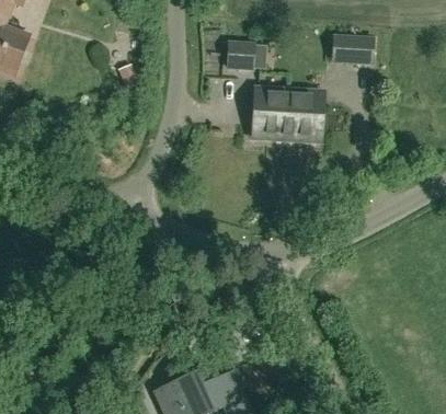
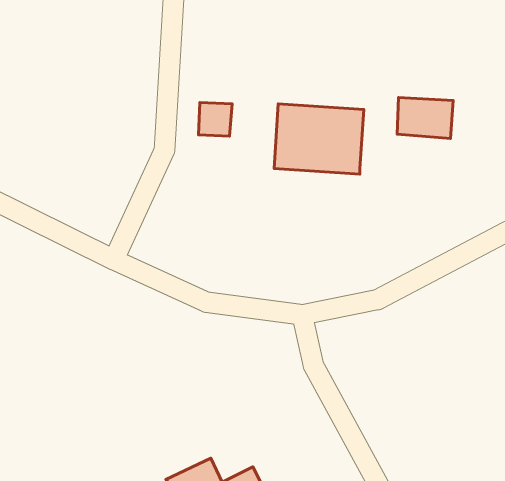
building: [331,33,375,65] -> [397,98,453,138]
building: [227,44,253,70] -> [198,103,232,136]

